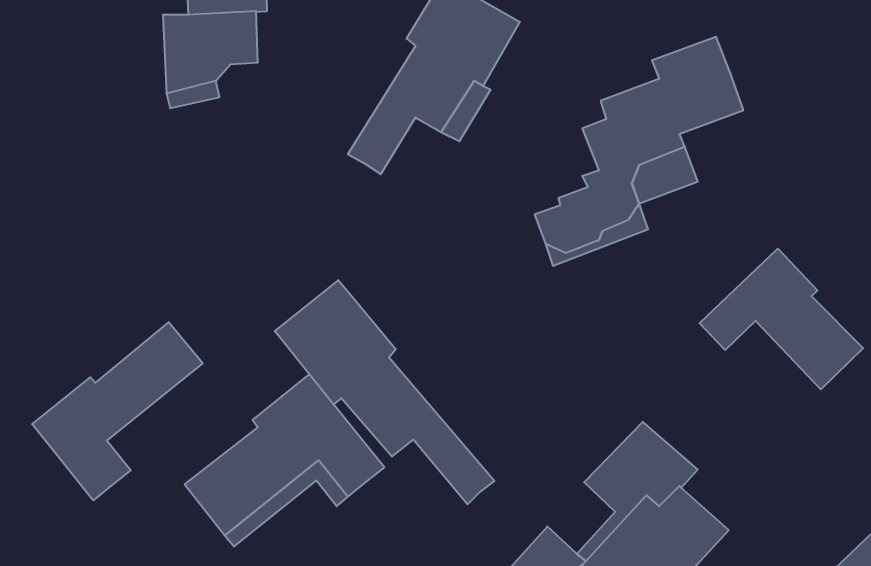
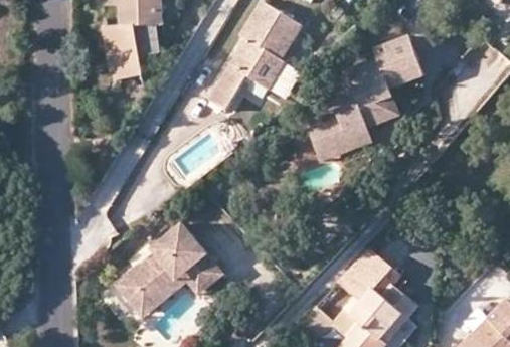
building: [699,249,863,389] -> none
building: [275,280,494,504] -> none
building: [32,322,203,500] -> none

